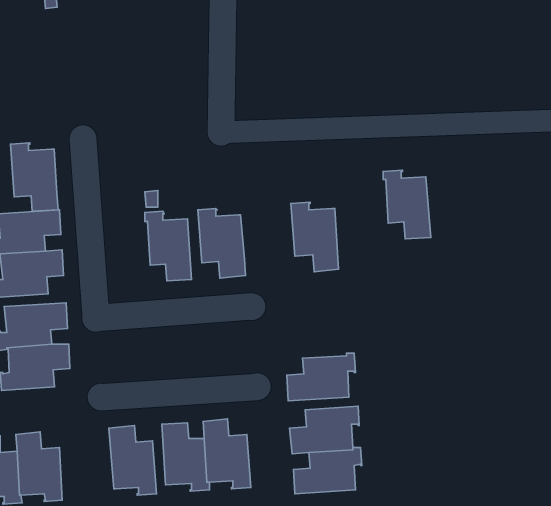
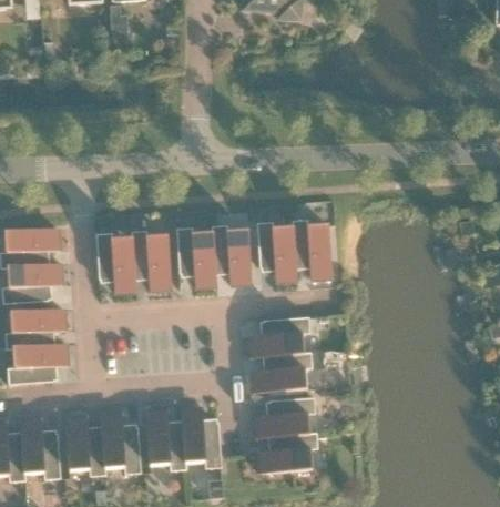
building: [10,143,58,211] -> [96,233,137,292]
building: [383,170,431,239] -> [293,220,334,278]
building: none -> [212,225,253,284]
building: none -> [251,317,310,357]
building: none -> [67,417,108,476]

